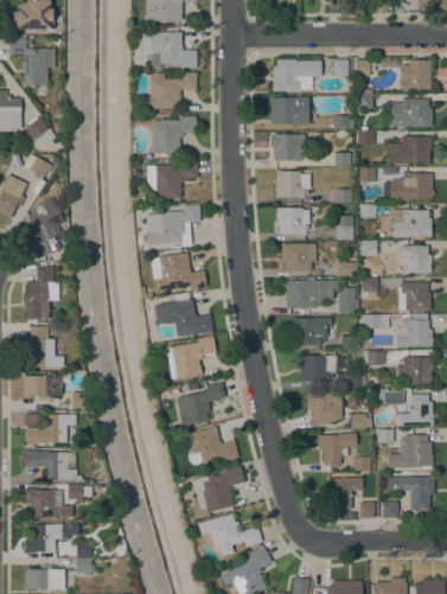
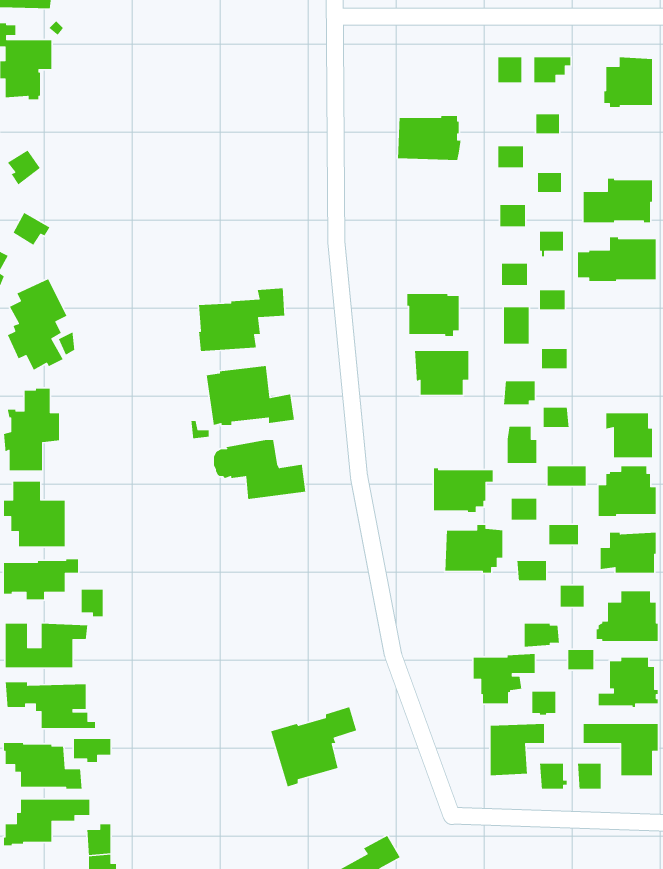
building: [142,32,197,68] -> none
building: [272,59,321,91] -> none
building: [142,72,197,109] -> none
building: [390,98,432,127] -> none
building: [149,116,196,153] -> none
building: [273,134,301,161] -> none
building: [148,160,198,198] -> none
building: [275,170,309,198] -> none
building: [391,209,432,237] -> none
building: [402,245,432,274] -> none
building: [286,280,338,308] -> none
building: [166,336,216,379] -> none
building: [177,383,225,427] -> none
building: [306,391,343,424] -> none
building: [186,426,240,465] -> none
building: [198,513,262,556] -> none

